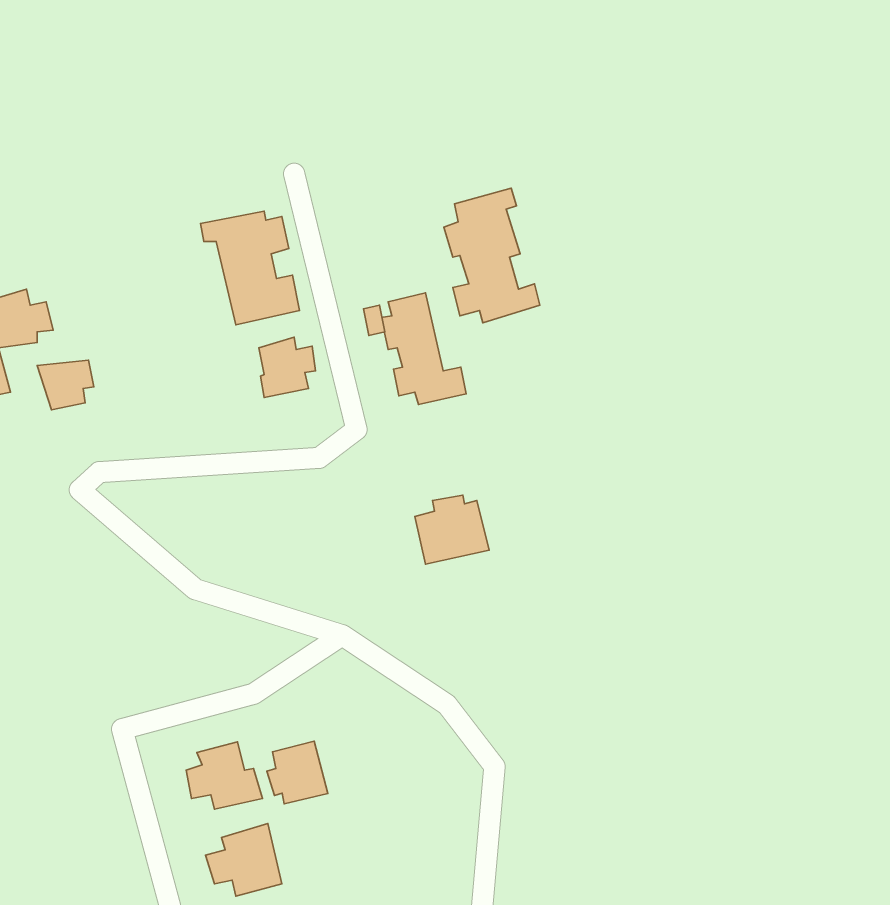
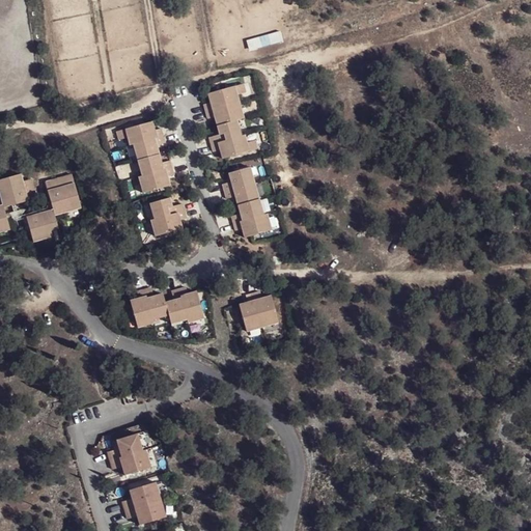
building: [444,188,540,323] -> [201,84,257,163]
building: none -> [41,173,75,212]
building: none -> [136,285,206,326]
building: [267,741,328,804] -> none

